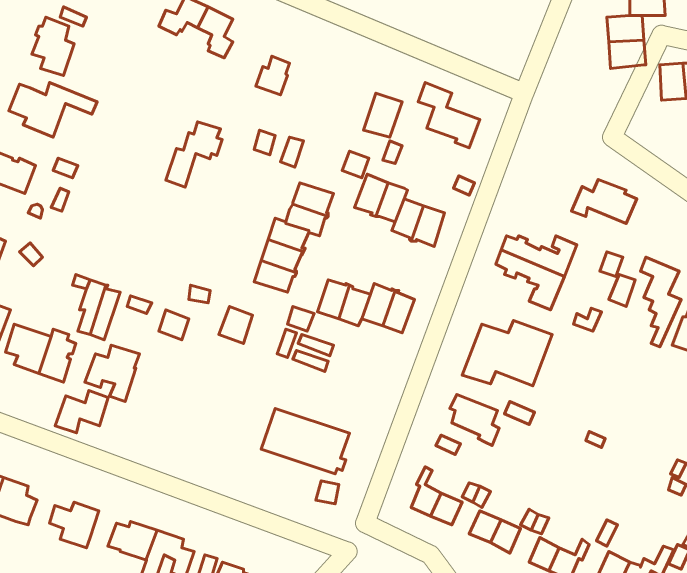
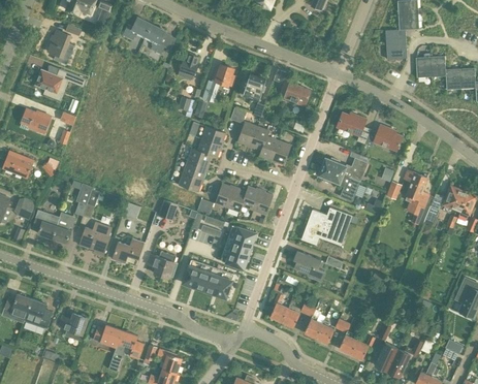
building: [166,122,222,187] -> [202,64,235,102]
building: none -> [337,111,371,143]
building: none -> [220,225,256,268]
building: [55,391,108,433] -> [113,238,144,263]
building: none -> [147,251,178,278]

